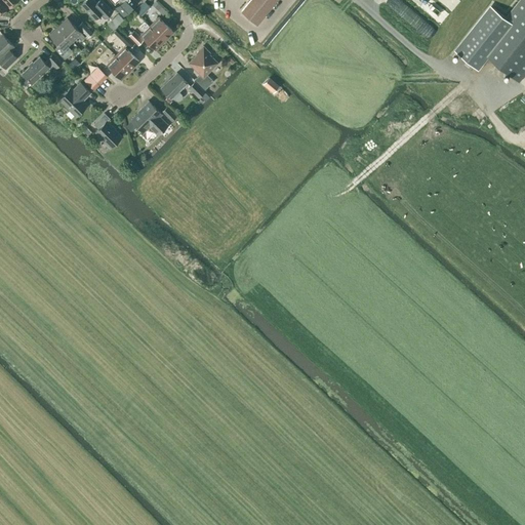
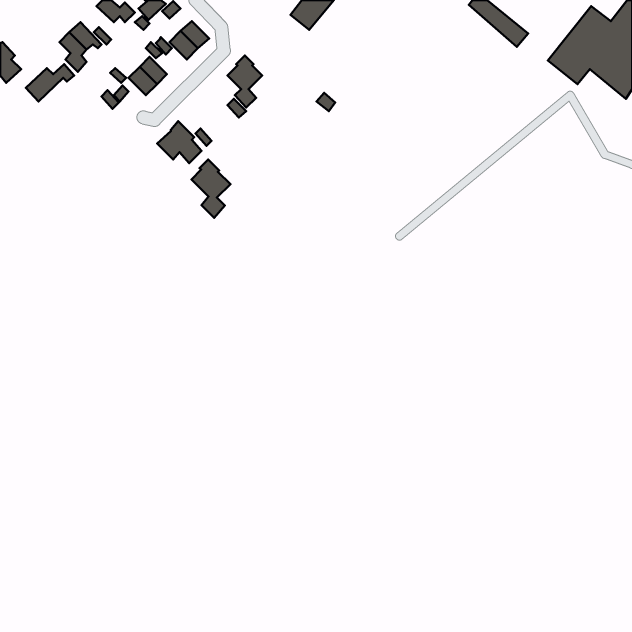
building: [161,73,187,102] -> none
building: [58,82,90,116] -> none
building: [93,113,121,148] -> none
building: none -> [191,160,230,218]

